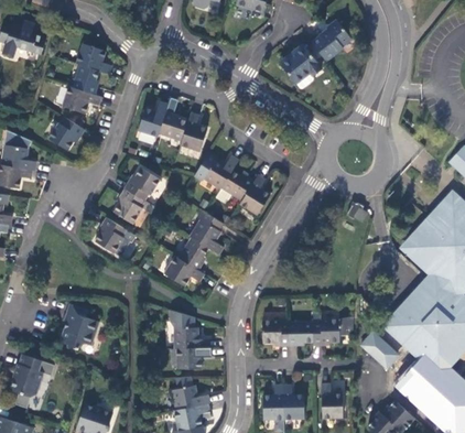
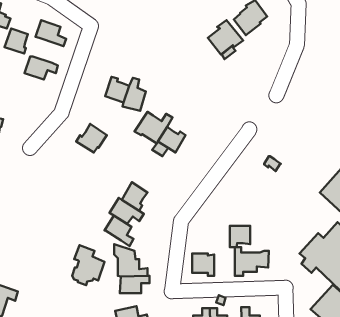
building: [72,64,99,94] -> [5,29,28,54]
building: [137,100,167,137] -> none
building: [48,116,85,151] -> none
building: [238,174,269,215] -> none
building: [112,187,154,224] -> none
building: [94,217,137,257] -> none
building: [188,218,223,255] -> [105,216,133,246]
building: [58,304,97,351] -> [72,245,105,285]
building: [288,322,312,347] -> [230,226,250,247]
building: [361,334,398,369] -> none

